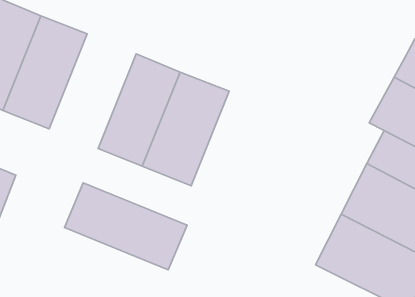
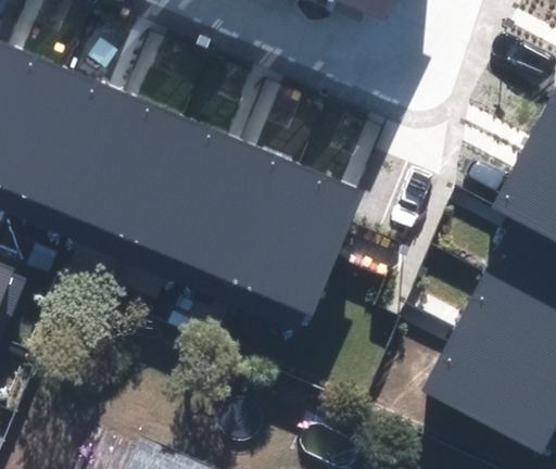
building: none -> [73,91,187,241]
building: none -> [258,166,365,314]
building: [65,183,187,270] -> none

